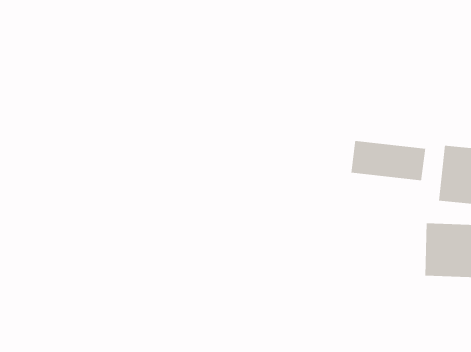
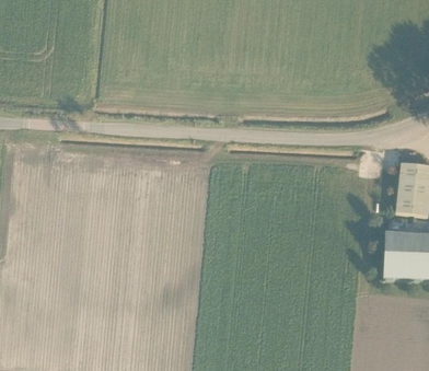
building: [351,140,426,181] -> none

